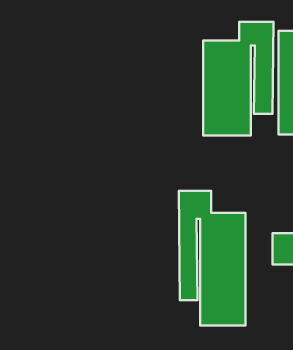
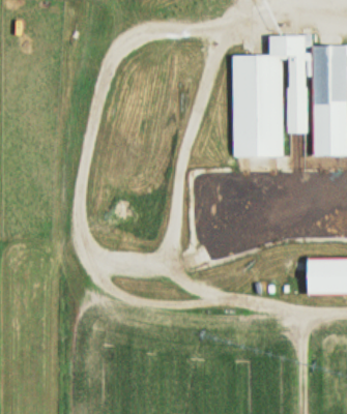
building: [179,191,245,326] -> none

